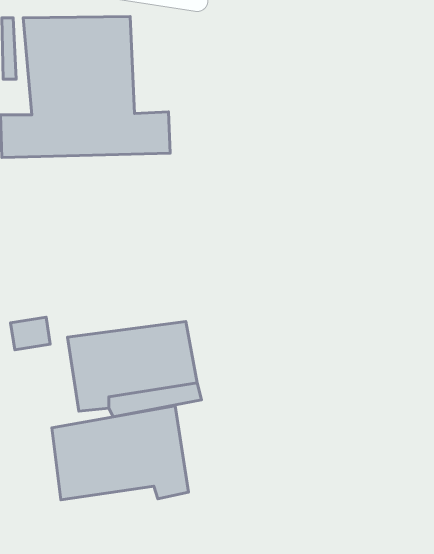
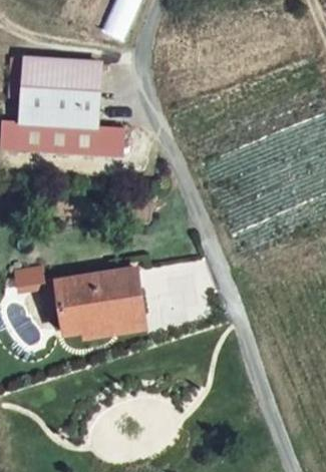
building: [52,406,189,500] -> none

